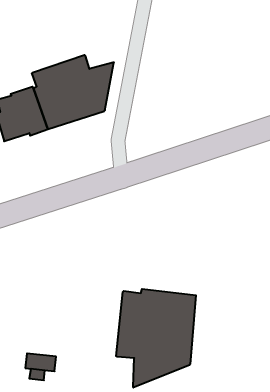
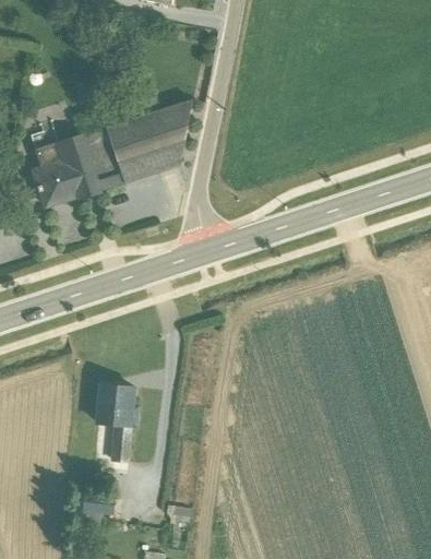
building: none -> [97,384,136,463]
building: [116,289,196,388] -> none

